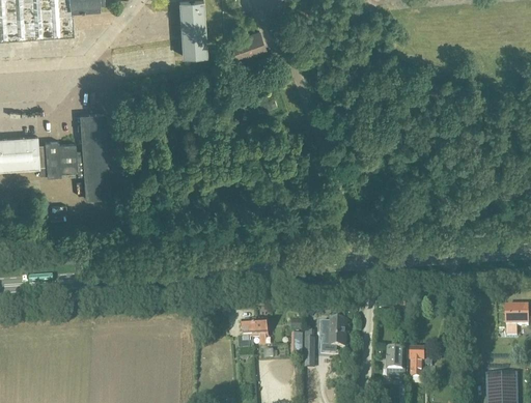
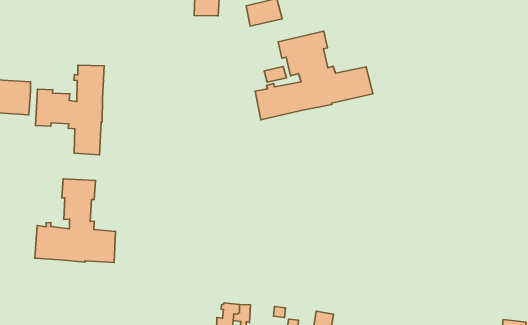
building: none -> [255,31,373,120]
building: none -> [35,179,115,263]

